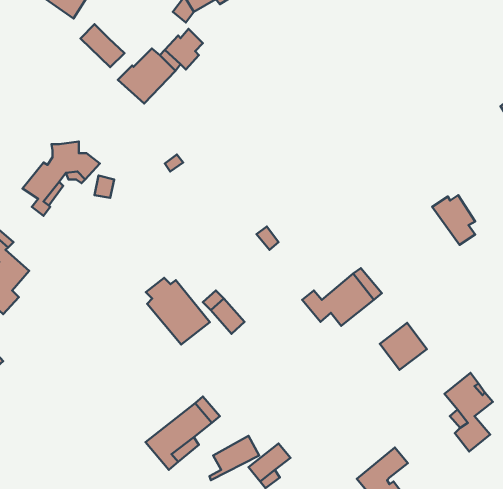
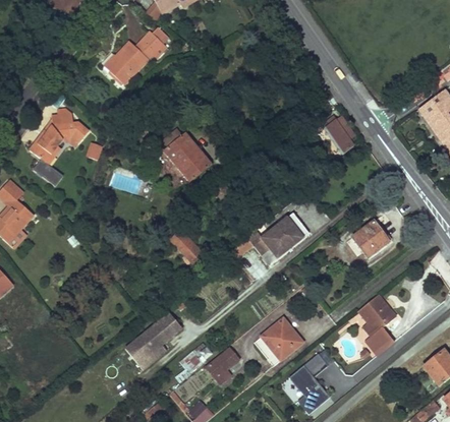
building: [80,24,124,67] -> none
building: [432,195,475,245] -> [321,115,354,154]
building: [146,278,210,344] -> [162,130,212,182]
building: [380,323,427,370] -> [352,221,389,257]
building: none -> [260,319,301,361]

